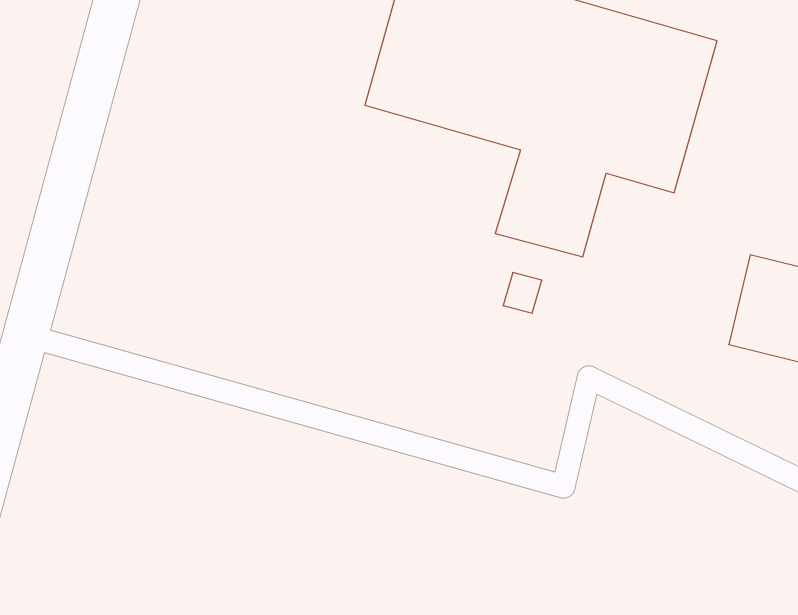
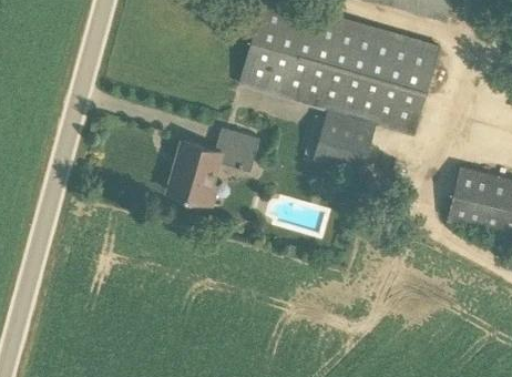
building: none -> [167,128,259,205]

